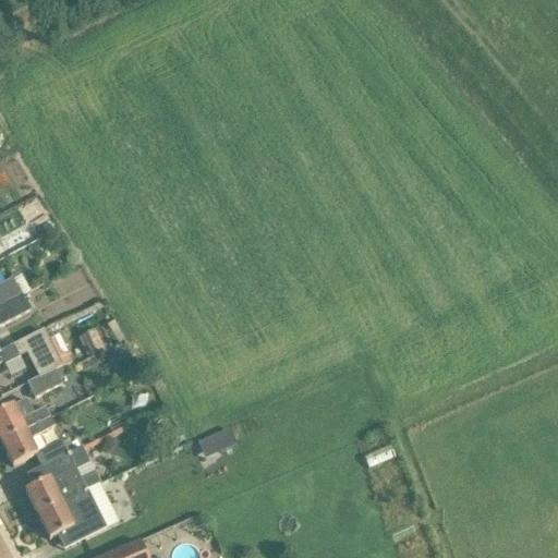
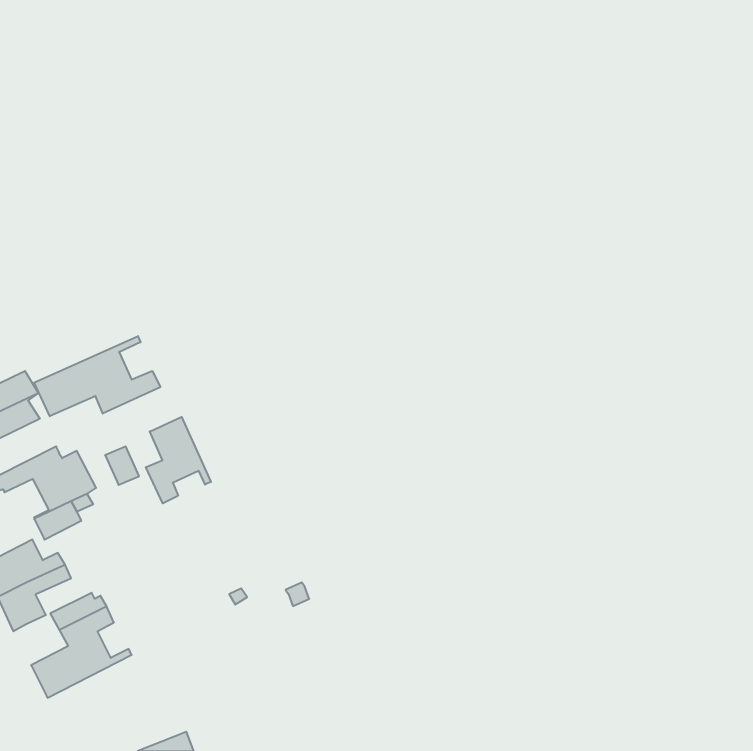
building: none -> [34,336,160,416]
building: none -> [146,417,211,503]
building: [35,483,116,538] -> none

